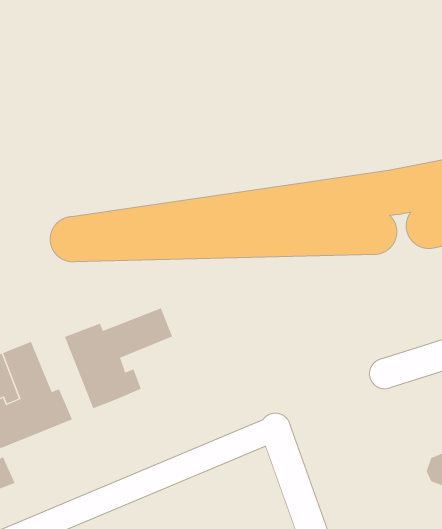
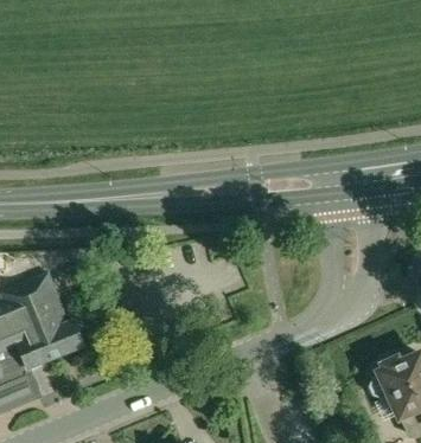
building: [64,308,173,410] -> none

